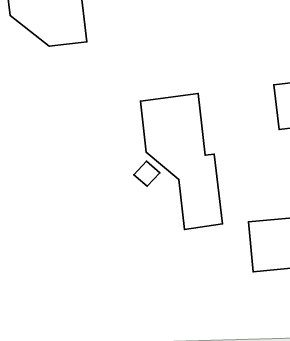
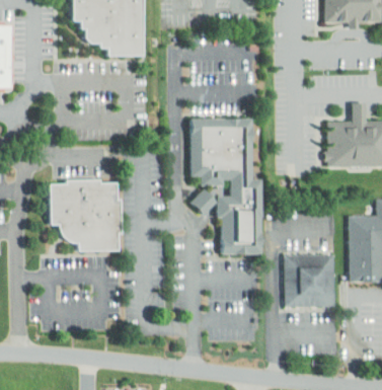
building: none -> [50,185,116,251]

